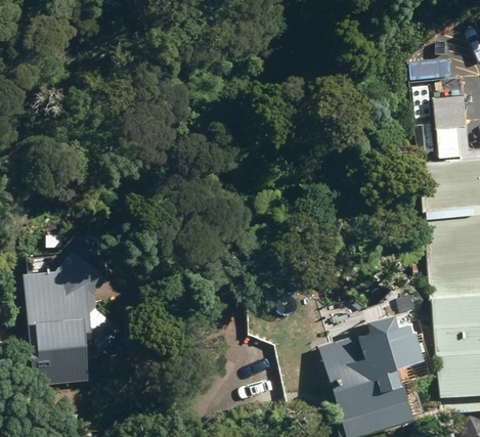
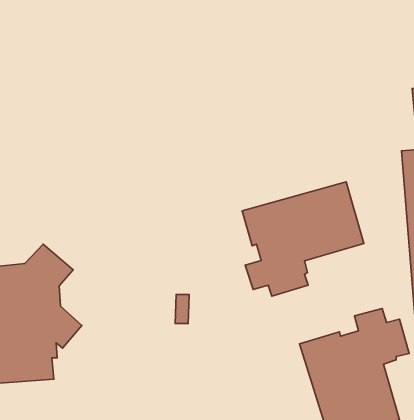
building: none -> [242,182,364,296]

